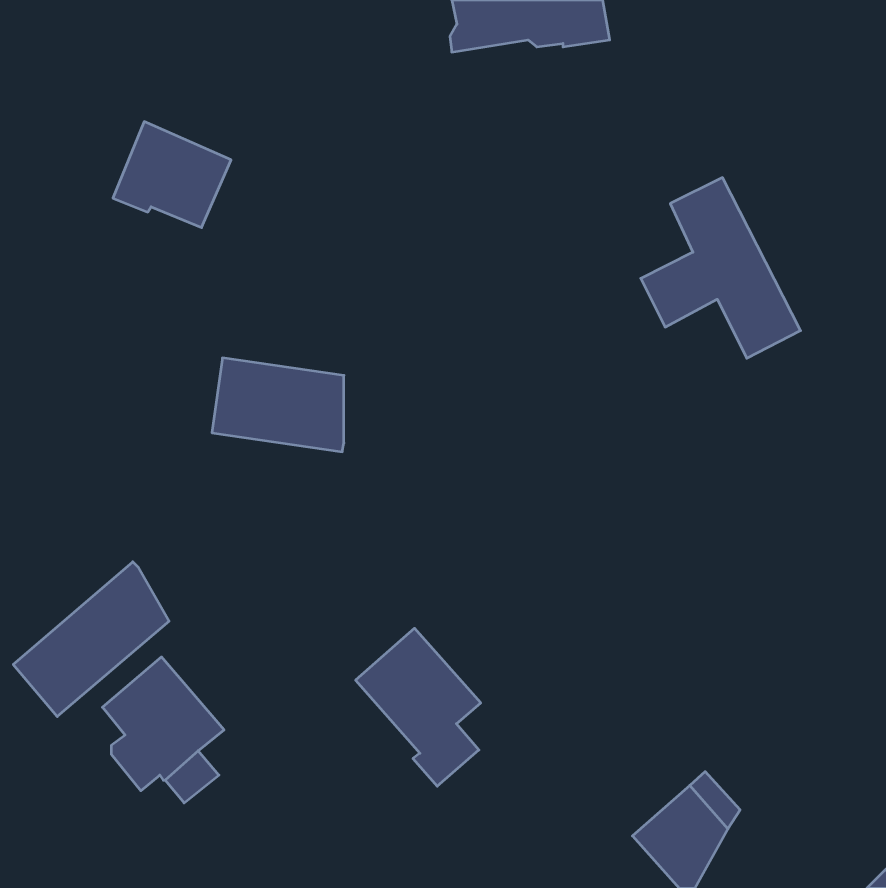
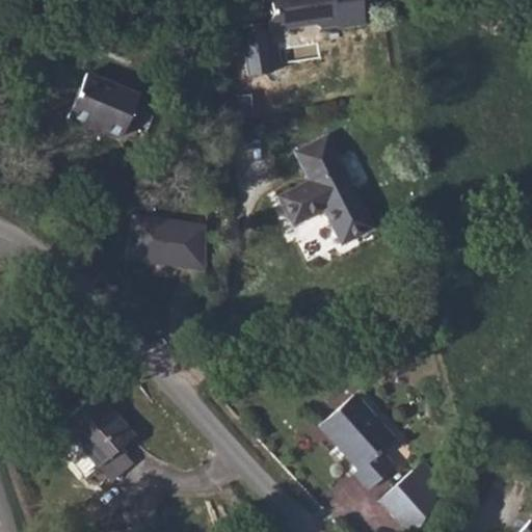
building: [641,178,801,358] -> [278,136,374,244]
building: [13,562,169,717] -> none
building: [356,628,481,786] -> [321,394,396,488]

